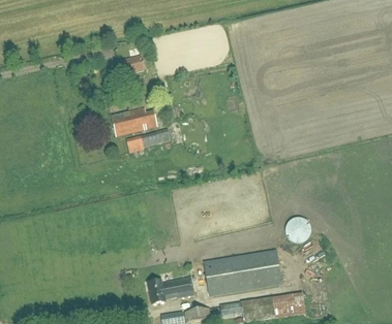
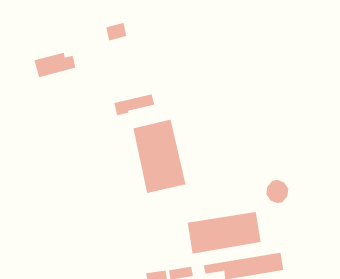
building: [112,108,156,135] -> [34,52,76,78]
building: none -> [133,119,186,194]
building: [148,276,193,303] -> none

